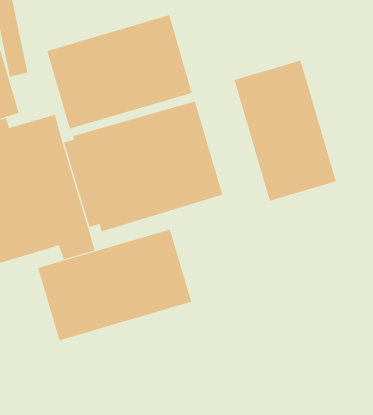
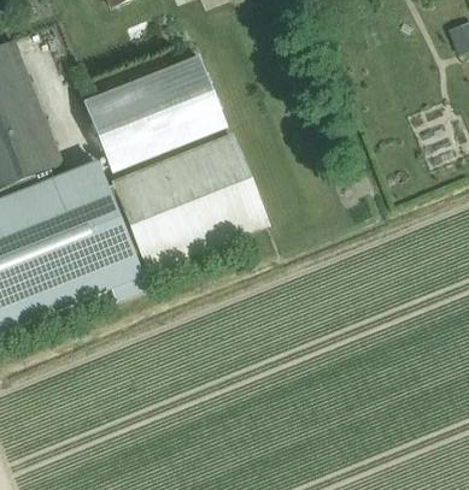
building: [234,60,337,202] -> none
building: [37,229,192,341] -> none

